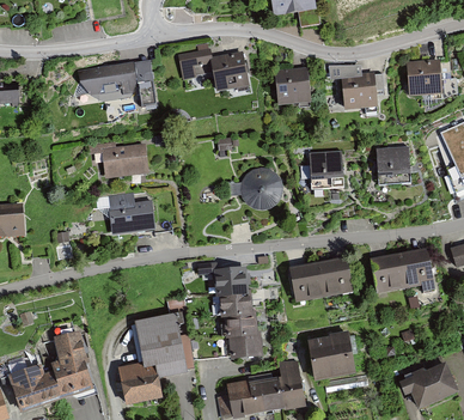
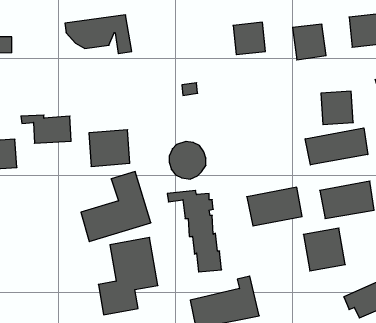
building: [177,48,246,92] -> none
building: [88,144,146,176] -> [21,115,71,143]
building: [307,150,346,187] -> none
building: [240,168,282,211] -> [169,141,206,179]
building: none -> [305,128,368,165]
building: [14,327,94,407] -> [81,172,151,242]
building: [309,333,356,382] -> [303,228,345,271]

